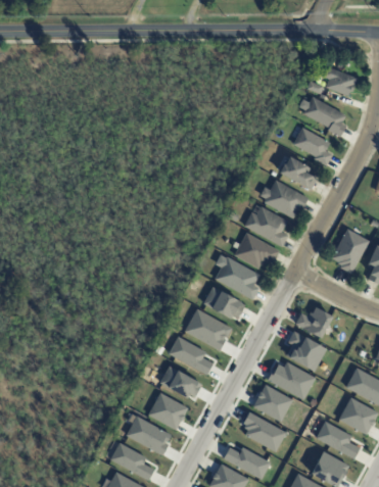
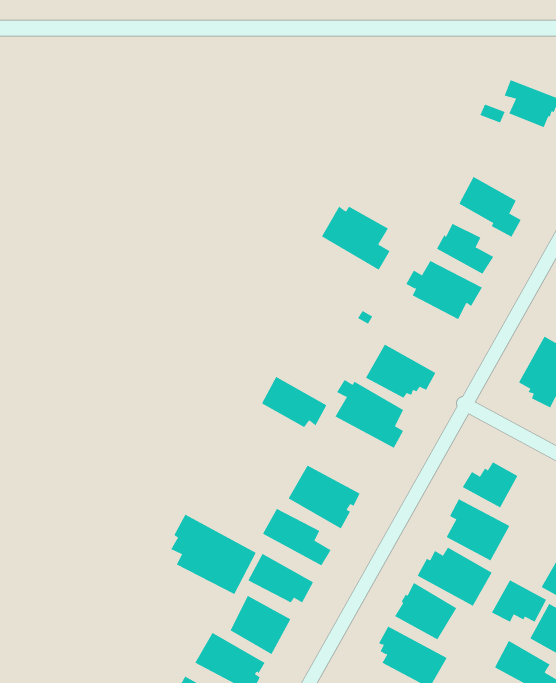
building: [303,96,346,137] -> none
building: [244,206,288,247] -> [321,206,391,270]
building: [202,286,244,319] -> [261,376,327,428]
building: none -> [171,514,256,595]
building: none -> [491,579,547,623]

